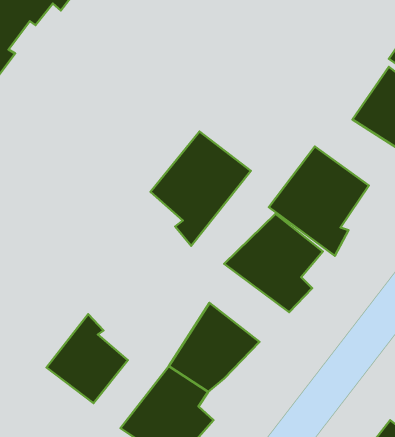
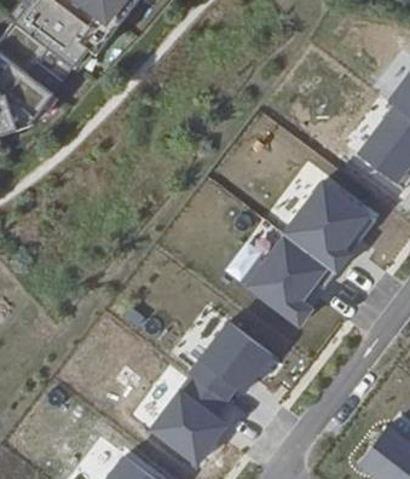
building: [151,131,251,246] -> none
building: [46,314,128,403] -> none

